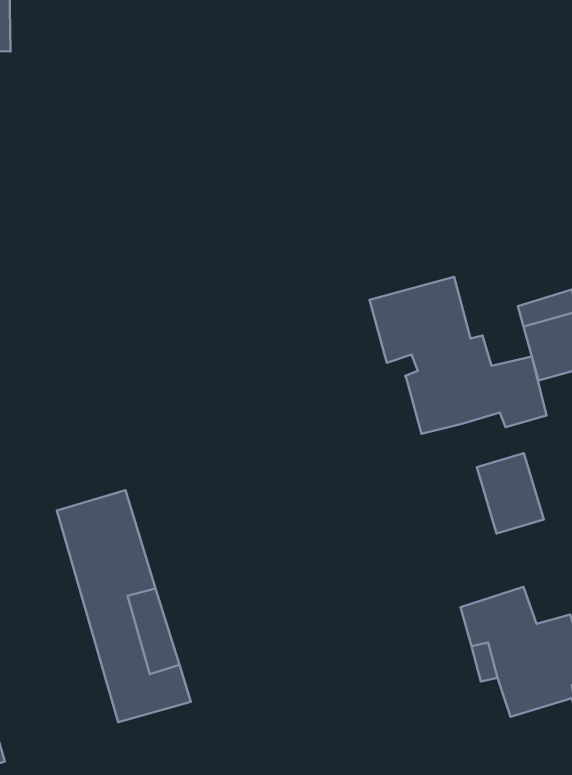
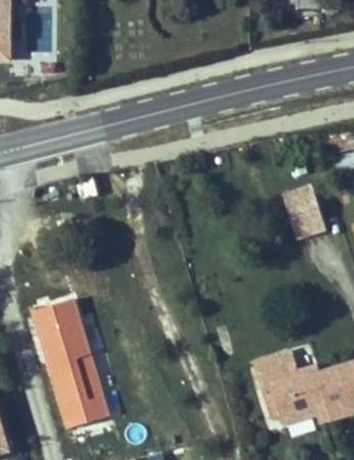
building: [369,277,546,434] -> none
building: [477,453,544,534] -> none

